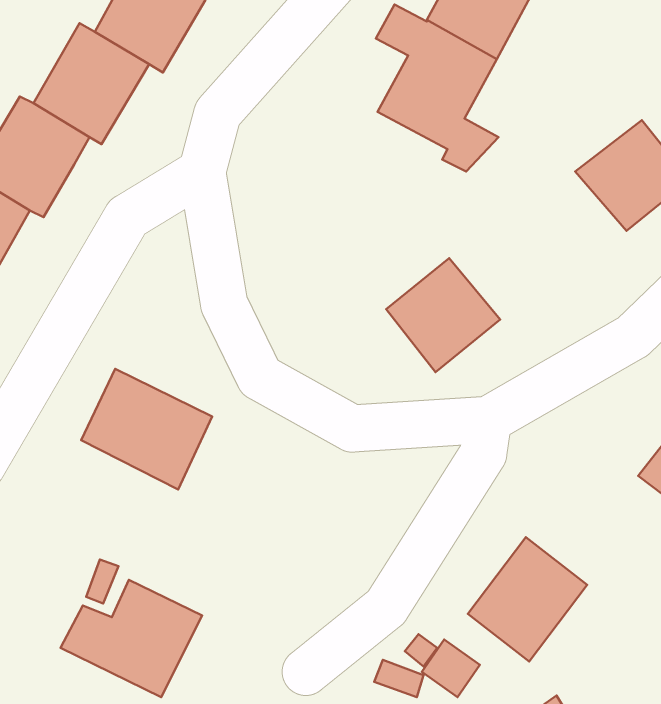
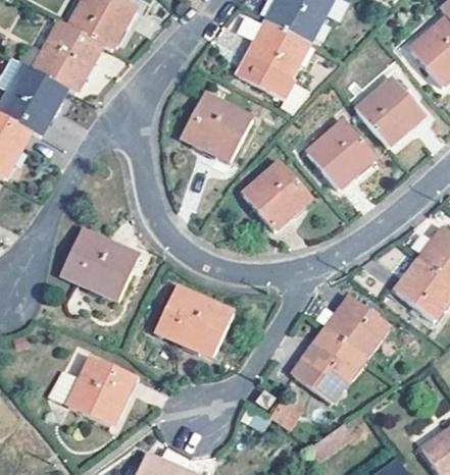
building: none -> [183,93,252,161]
building: none -> [307,122,376,190]
building: none -> [154,287,231,358]
building: none -> [327,298,388,358]

